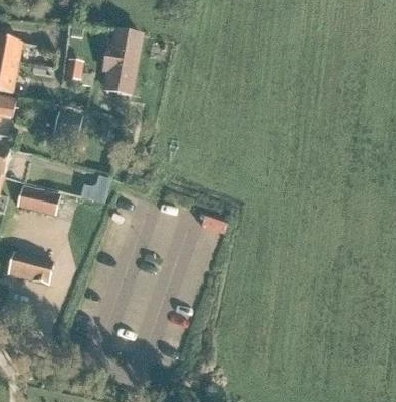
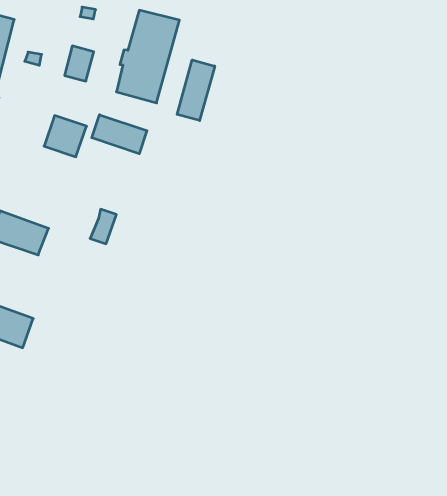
building: none -> [177,60,215,121]
building: none -> [92,115,147,154]

